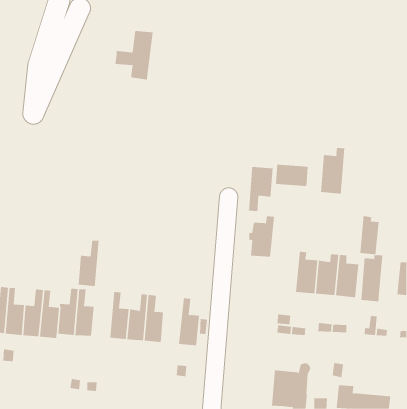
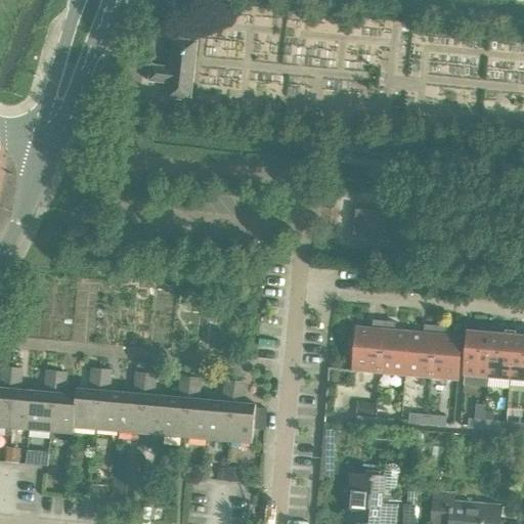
building: [321,147,345,195] -> none
building: [249,166,273,212] -> none
building: [360,216,380,255] -> [486,326,512,377]
building: [248,216,275,257] -> [349,320,383,374]
building: [78,240,99,286] -> [118,373,145,432]
building: none -> [207,380,234,440]

